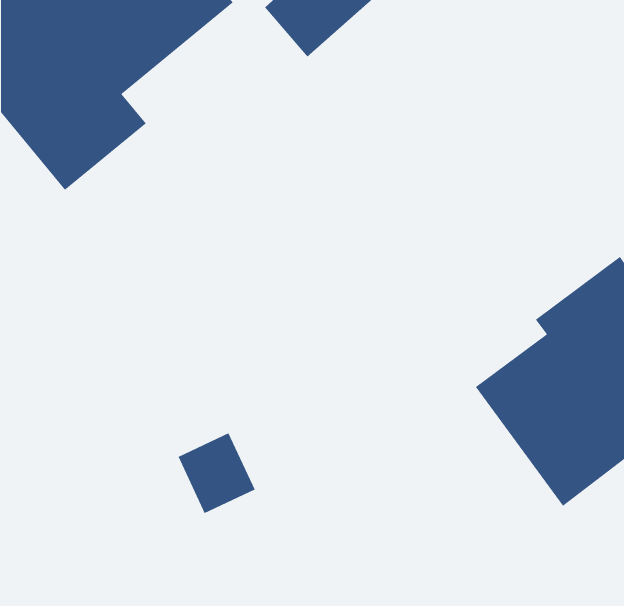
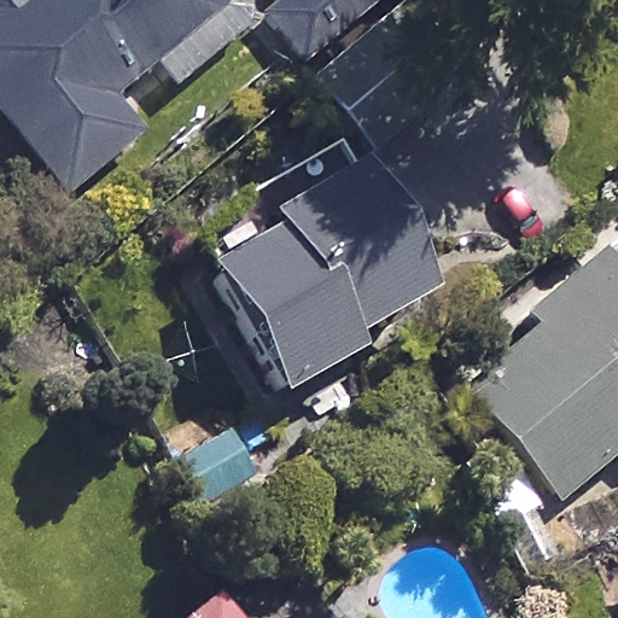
building: none -> [216,181,442,401]

